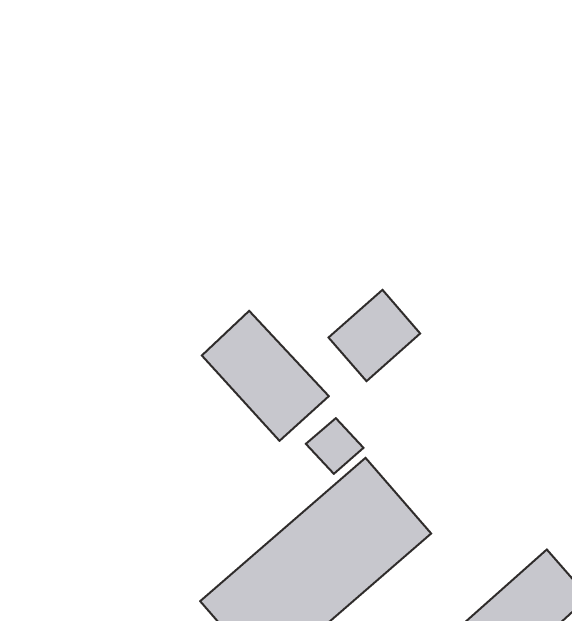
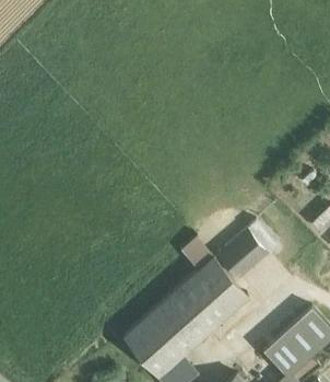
building: [329,290,420,381] -> [217,229,268,279]
building: [202,311,329,441] -> none

